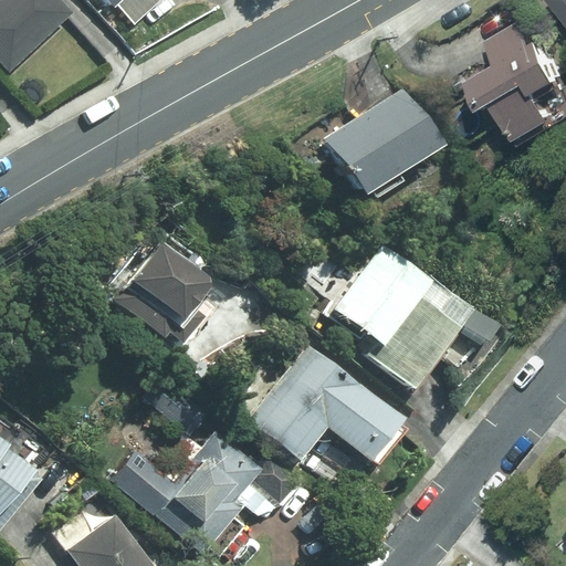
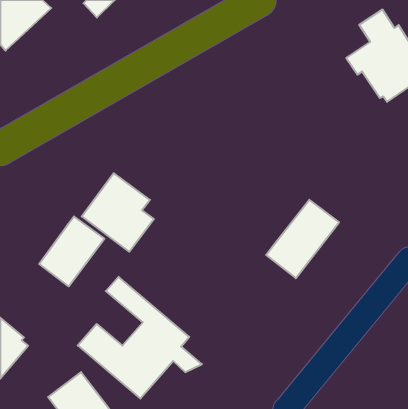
building: [328,86,441,190] -> none
building: [335,245,429,339] -> none
building: none -> [39,216,104,286]
building: [247,344,409,465] -> none

